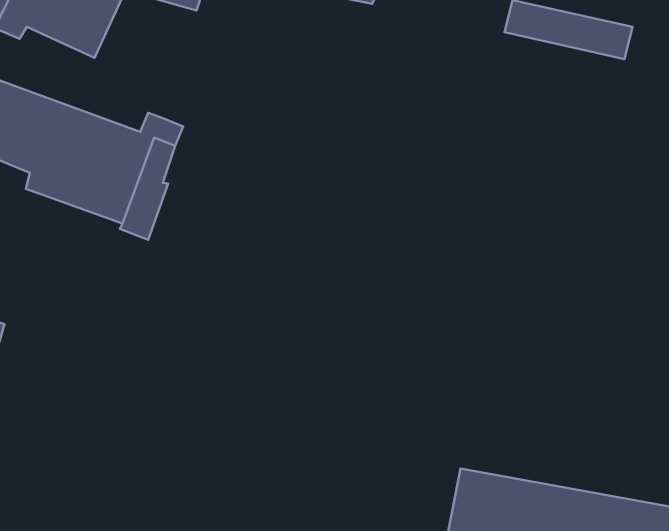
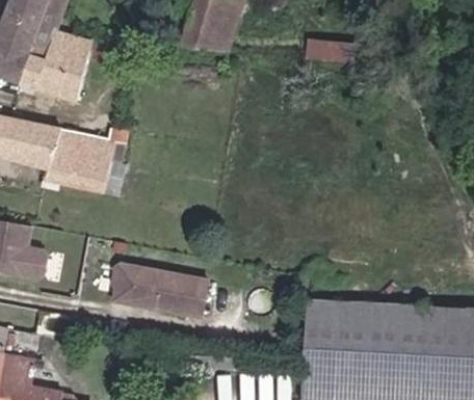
building: none -> [112,267,207,320]

